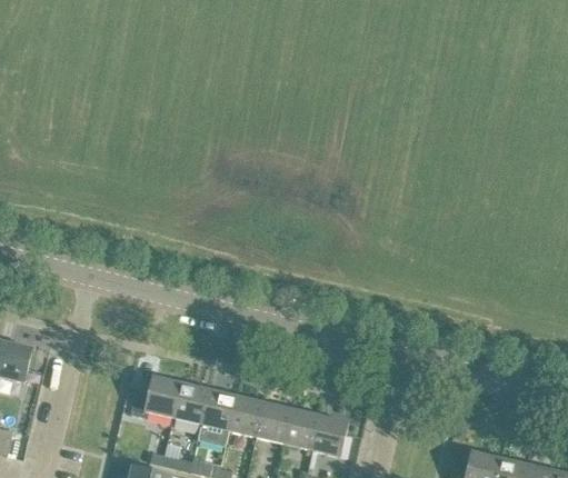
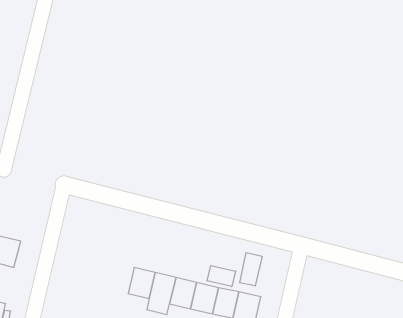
building: none -> [240,253,262,286]
building: [129,376,181,417] -> none
building: none -> [207,266,236,287]

